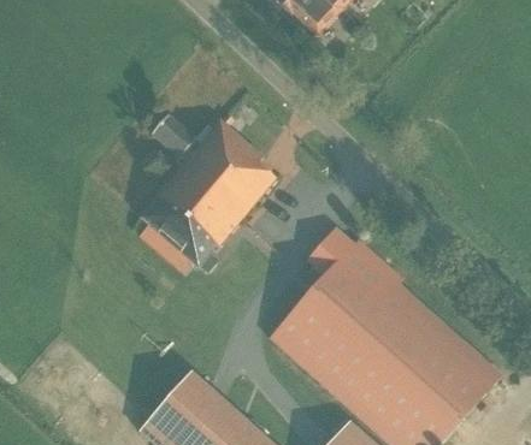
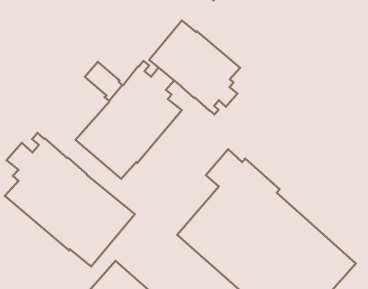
building: none -> [149,21,240,114]
building: none -> [5,133,135,266]

